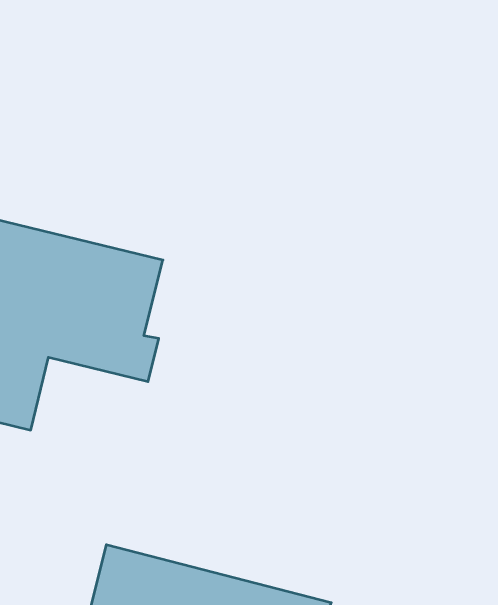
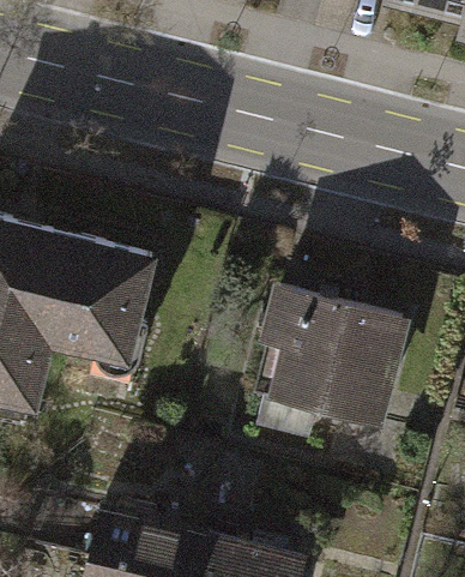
building: none -> [266,294,405,426]

